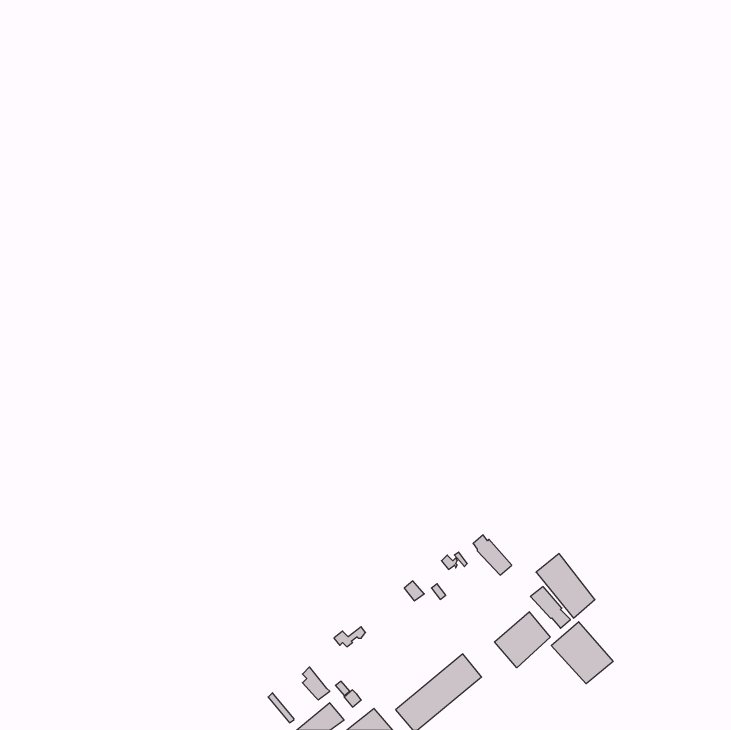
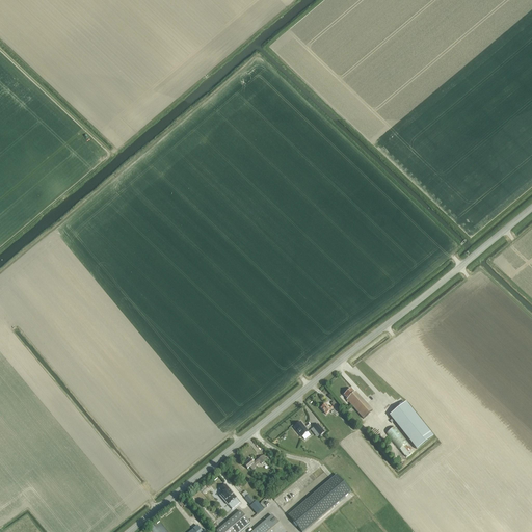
building: [494,612,550,668] -> none
building: [551,622,613,684] -> none

